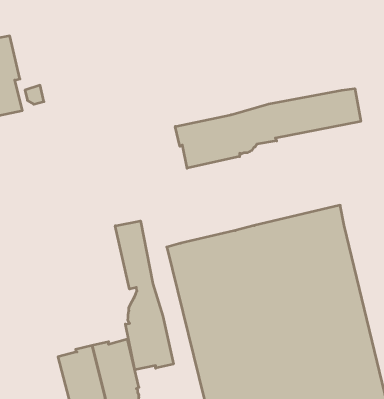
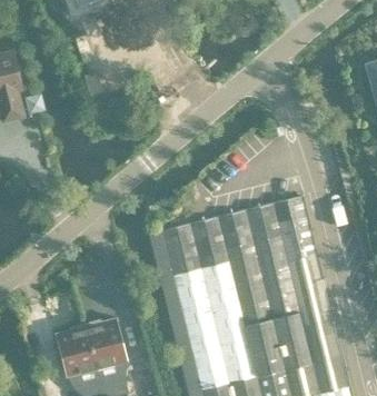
building: [175,89,361,168] -> none
building: [115,221,173,370] -> none

